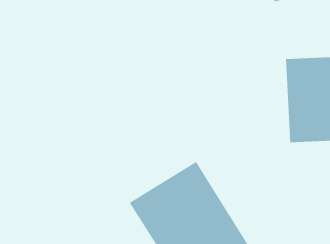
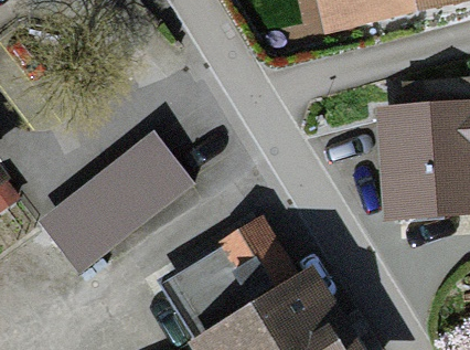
building: none -> [41,135,192,275]

